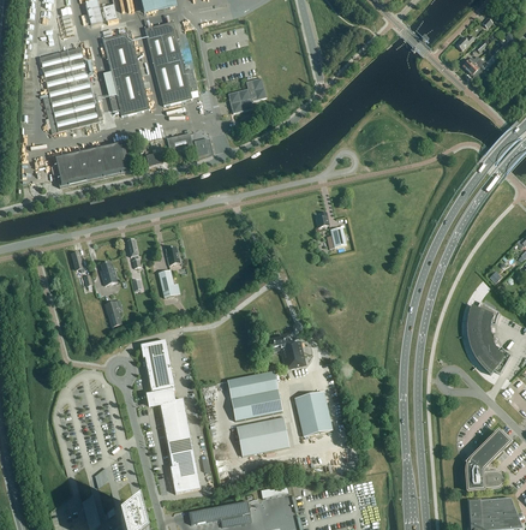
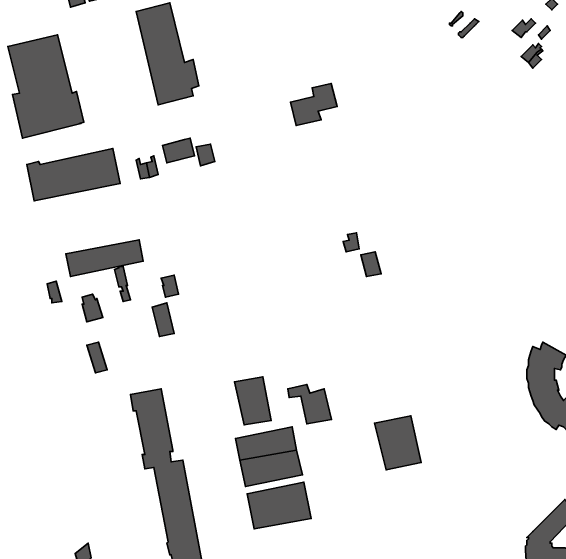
building: [102,31,150,115] -> none
building: [228,77,267,112] -> [290,83,337,126]
building: none -> [66,240,143,277]
building: none -> [234,377,271,425]
building: [294,391,333,435] -> [374,416,421,470]

